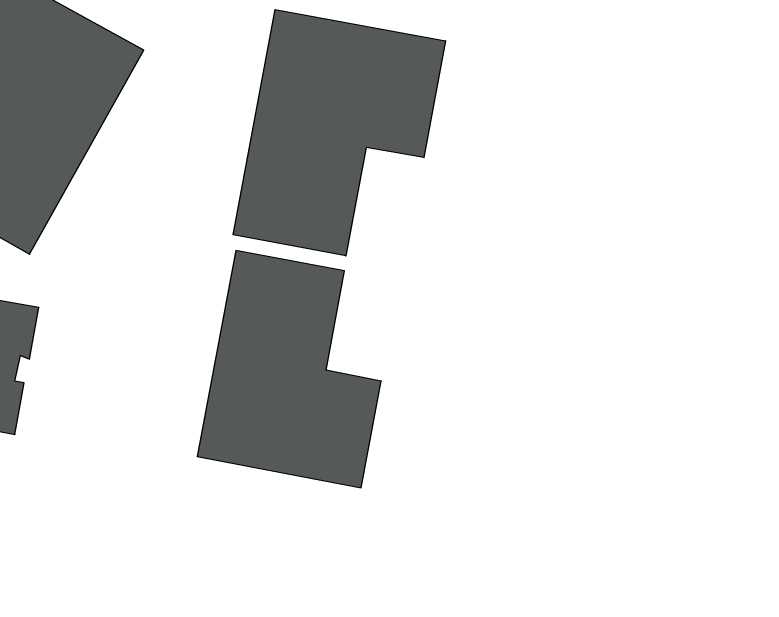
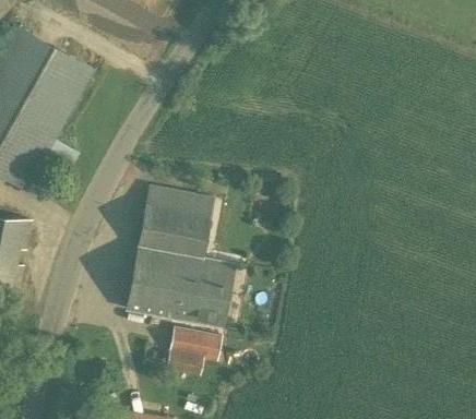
building: [233,10,446,256] -> none
building: none -> [167,325,224,374]

